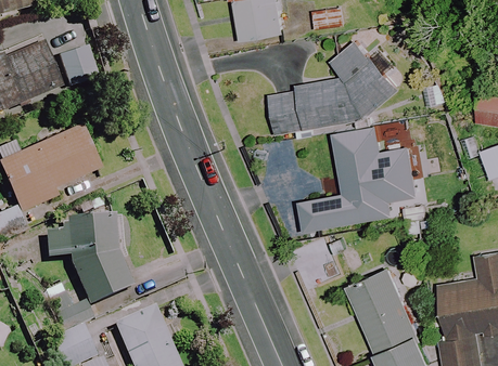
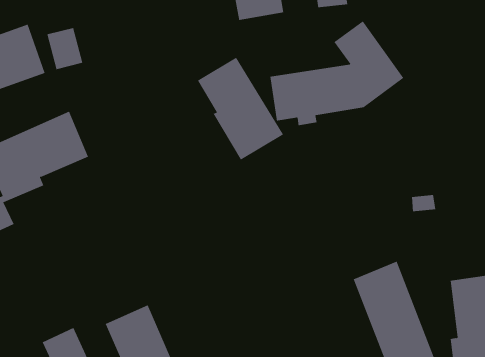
building: none -> [197,57,284,161]
building: [301,126,409,230] -> none
building: [39,215,132,331] -> none

